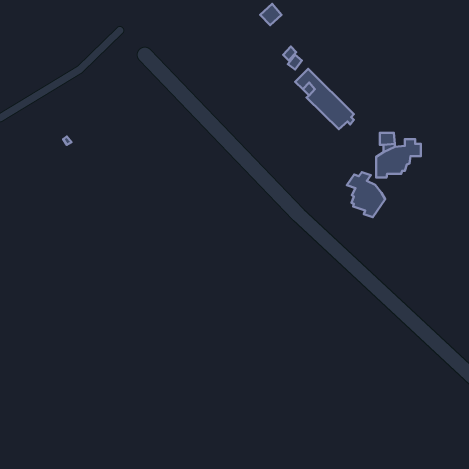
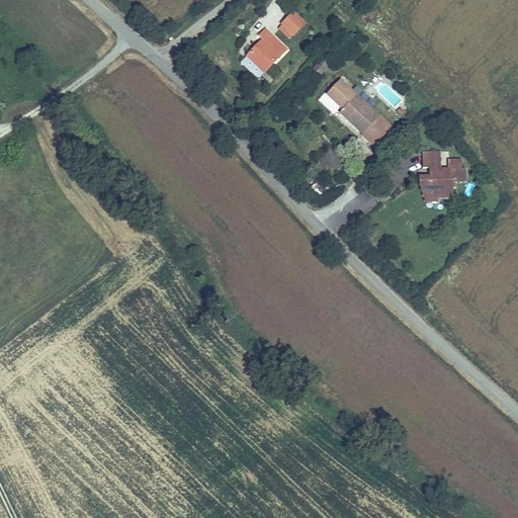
building: none -> [250,28,288,69]
building: [347,172,385,217] -> none

